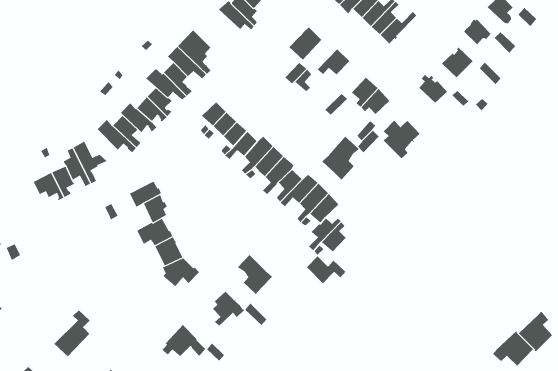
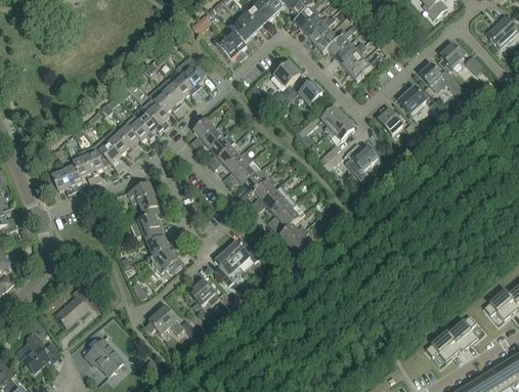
building: none -> [92,135,122,170]
building: [322,136,360,180] -> none
building: [306,256,346,284] -> [225,241,259,265]

